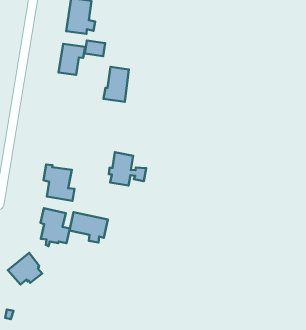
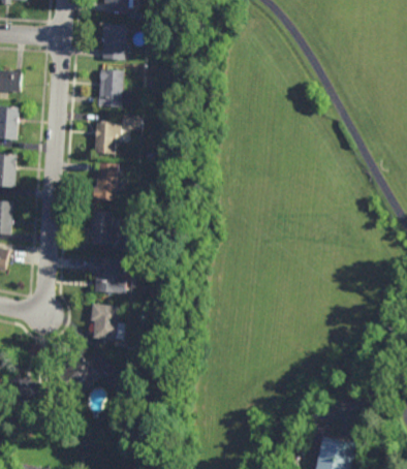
building: [104,67,129,102] -> [93,163,118,200]
building: [109,152,146,185] -> [88,211,128,246]
building: [69,212,108,242] -> none

